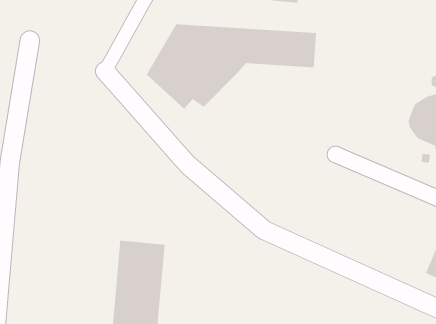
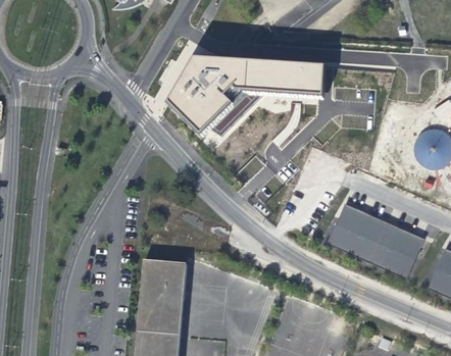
building: none -> [327,203,423,277]

